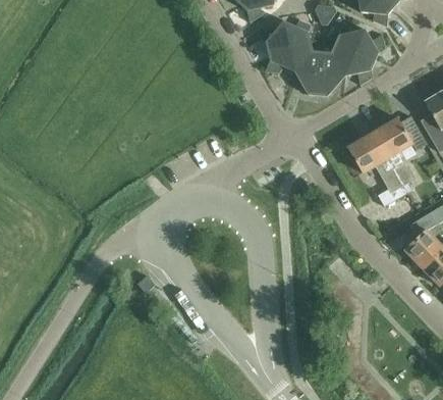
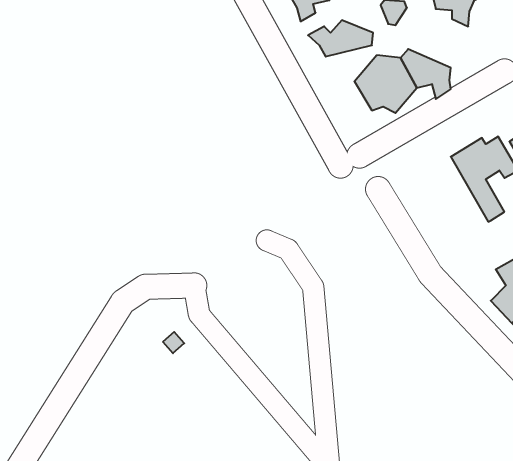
building: [338,28,386,59] -> none
building: [266,41,313,72] -> none
building: [348,132,409,206] -> none

